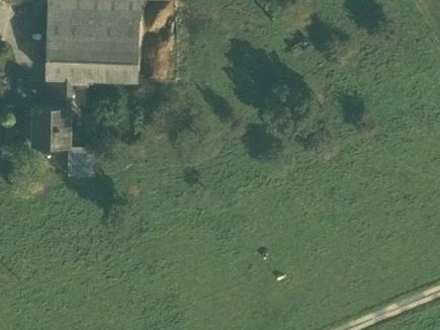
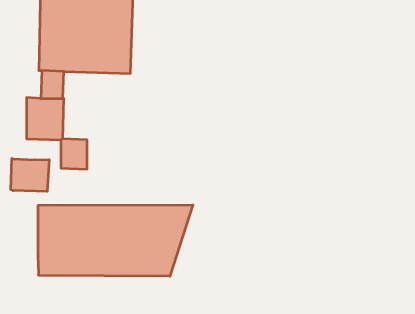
building: none -> [11,159,49,191]
building: none -> [38,205,193,276]

